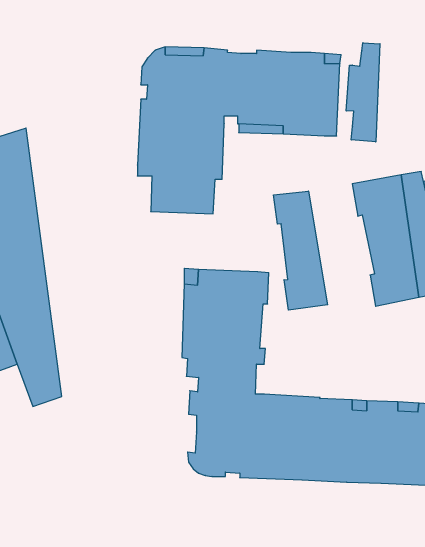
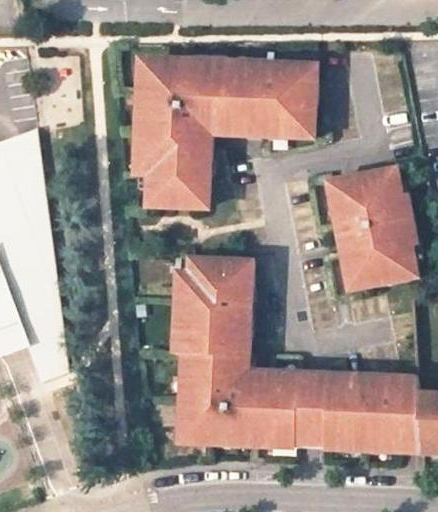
building: [346,43,380,142] -> none
building: [274,191,328,310] -> none

